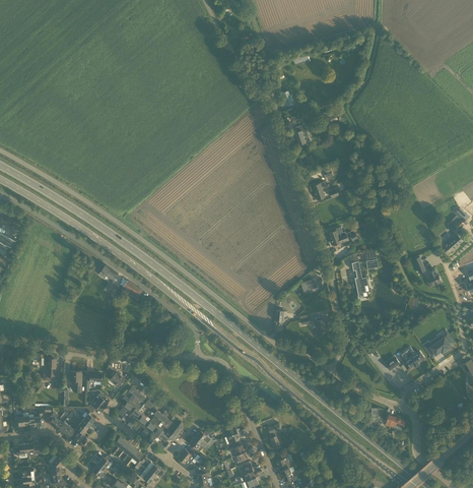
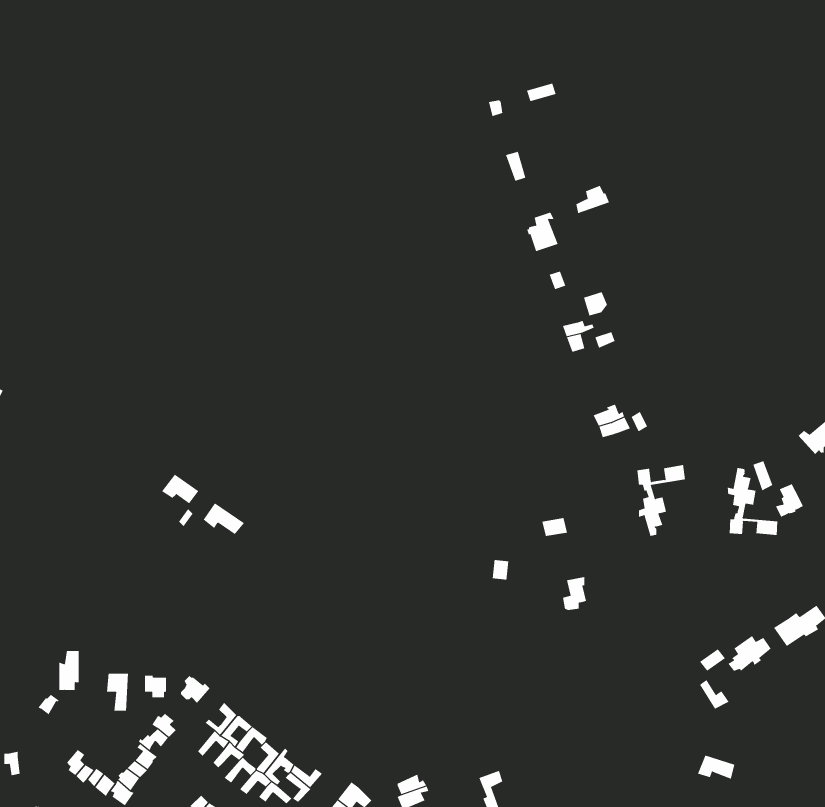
building: none -> [727,467,778,536]

